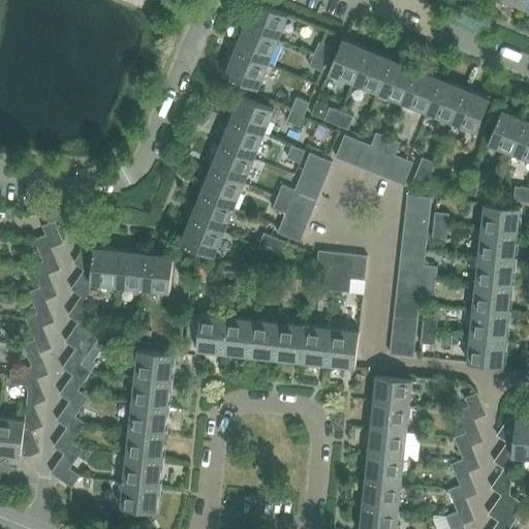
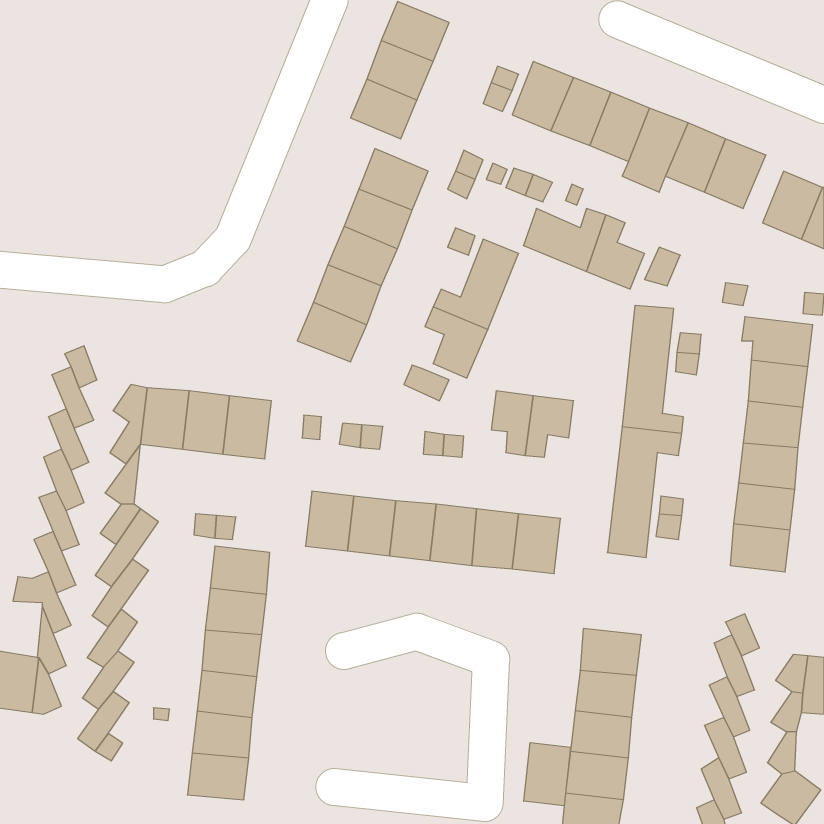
building: [180,219,224,258] -> none
building: [373,376,413,407] -> none
building: none -> [524,743,571,806]

